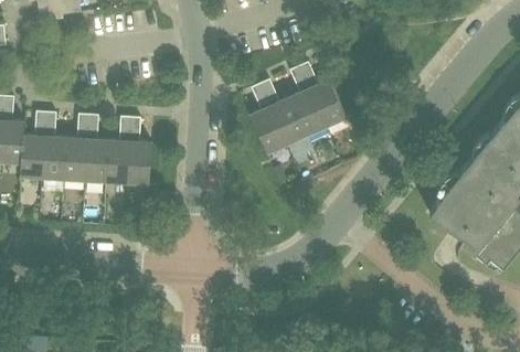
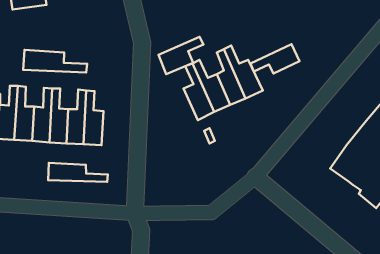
building: none -> [158,37,203,74]
building: none -> [250,44,299,73]
building: none -> [23,50,87,72]
building: none -> [48,163,108,182]

